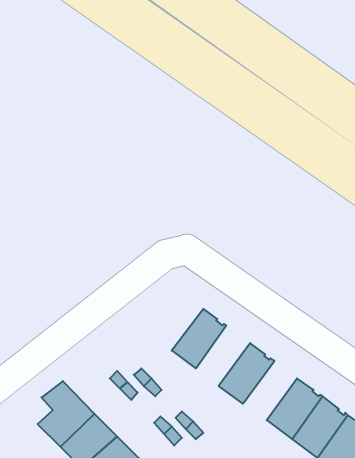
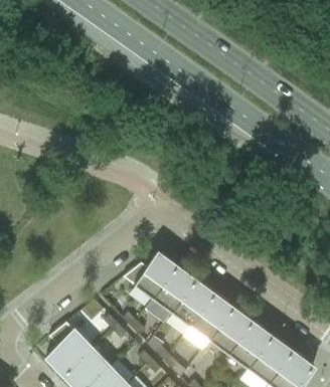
building: none -> [126,251,180,300]
building: none -> [174,279,217,328]
building: none -> [211,308,255,355]

